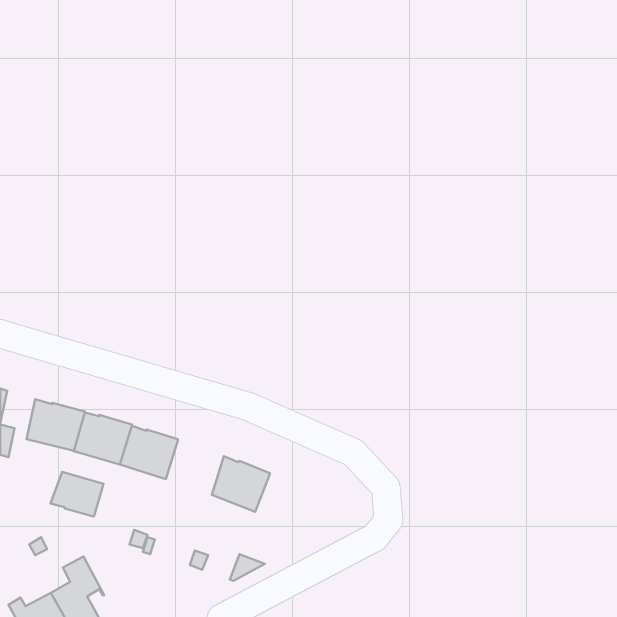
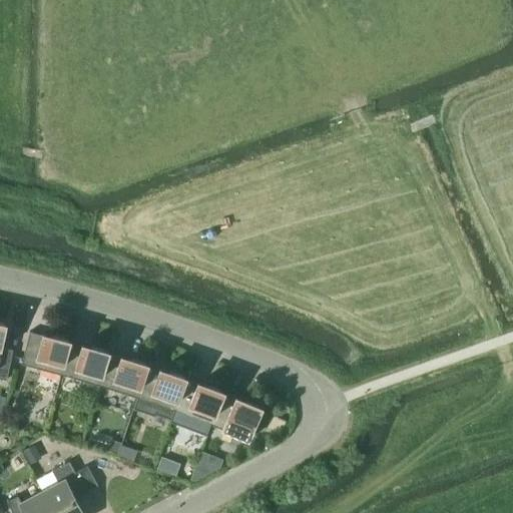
building: none -> [134,366,187,420]
building: [51,472,104,517] -> none
building: none -> [212,394,263,440]

